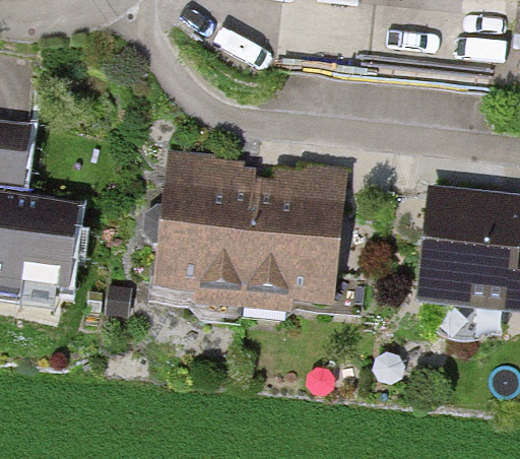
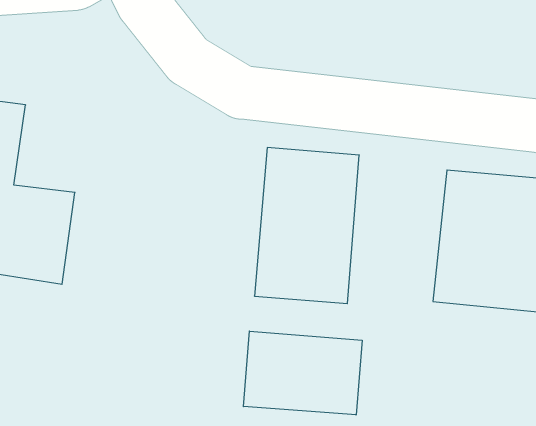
building: [158,154,259,303] -> none
building: none -> [243,331,362,415]

